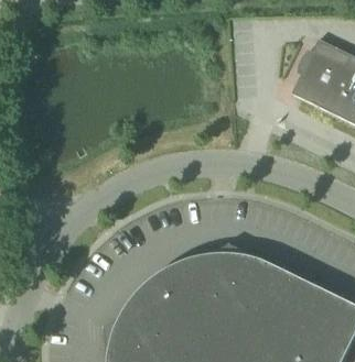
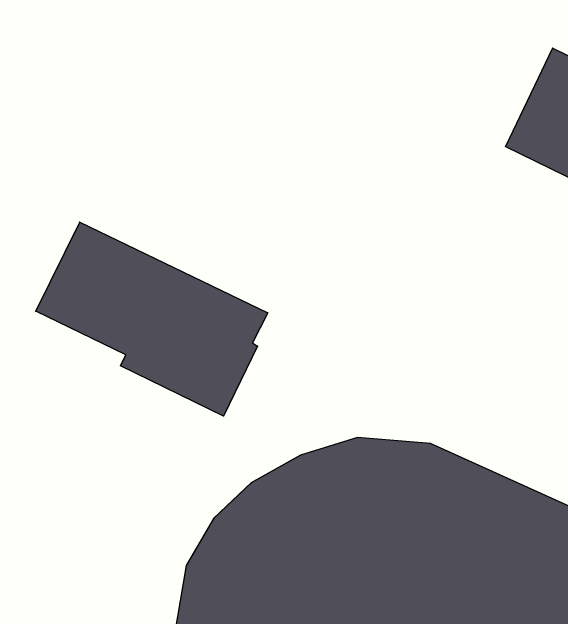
building: none -> [36,222,268,416]

